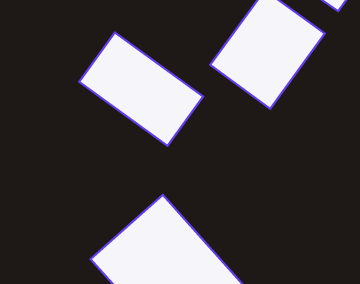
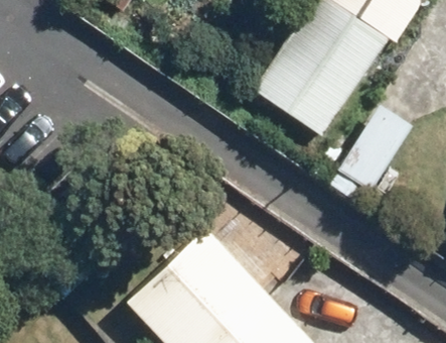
building: [79,32,203,146] -> none

